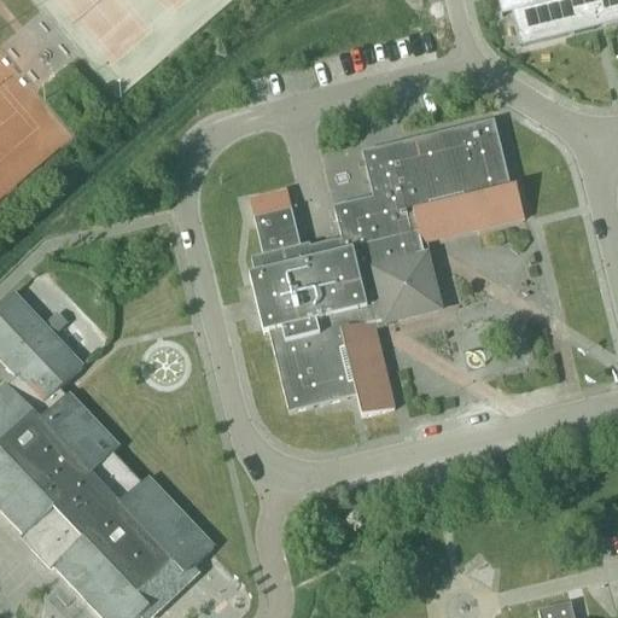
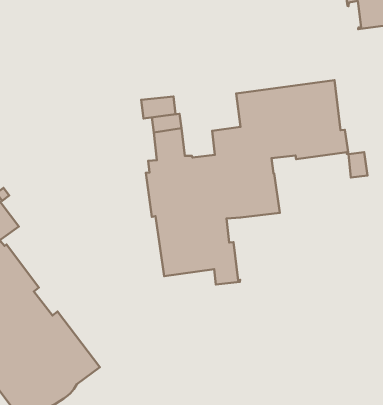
building: none -> [141,96,175,118]
building: none -> [348,152,367,178]

